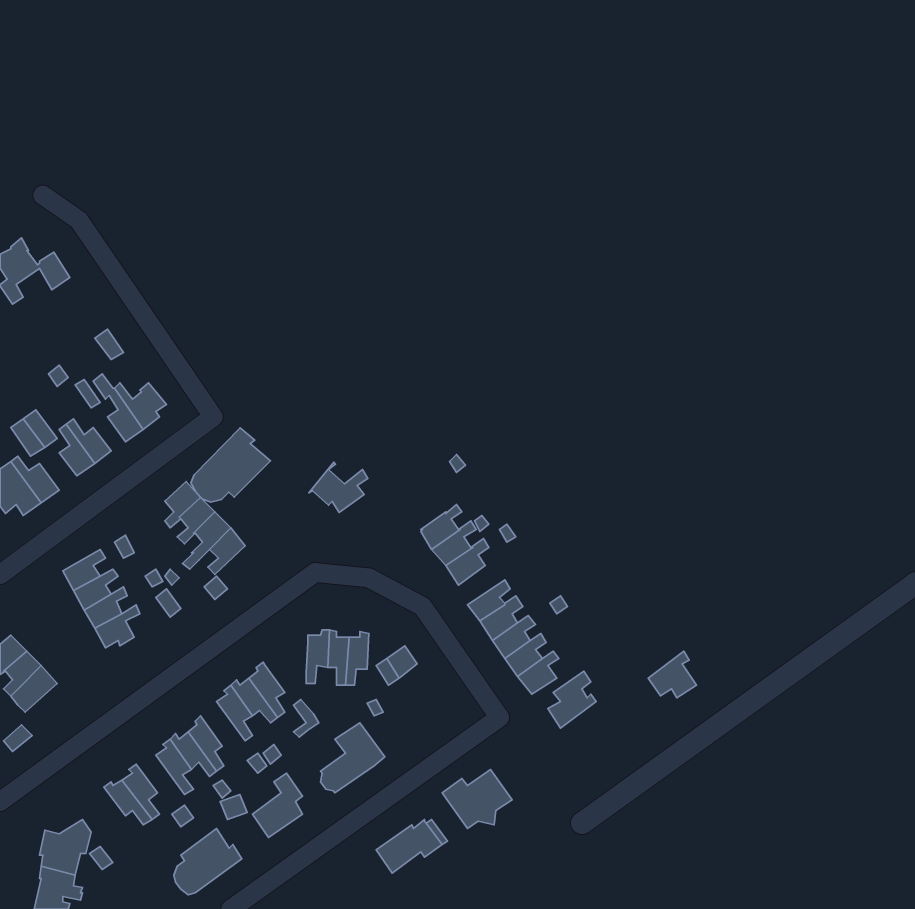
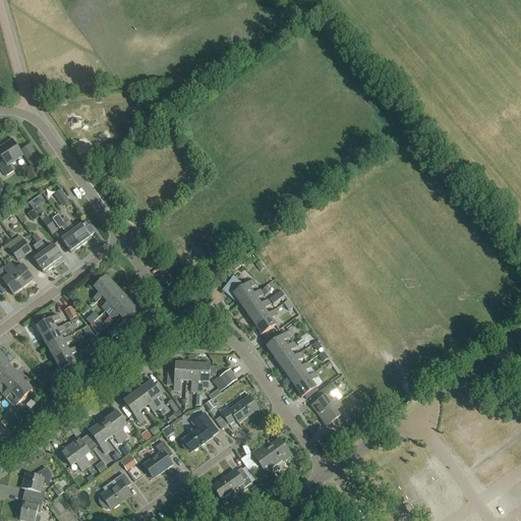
building: [191,428,271,502] -> none
building: [309,462,368,512] -> [222,273,255,301]
building: [648,651,696,698] -> [319,399,346,425]
building: none -> [216,395,257,427]

